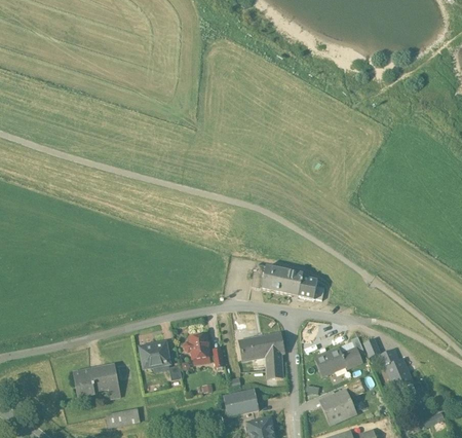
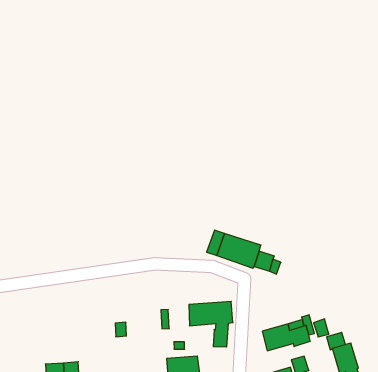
building: [185,334,209,357] -> none
building: [141,341,168,366] -> none
building: [73,363,120,397] -> none

